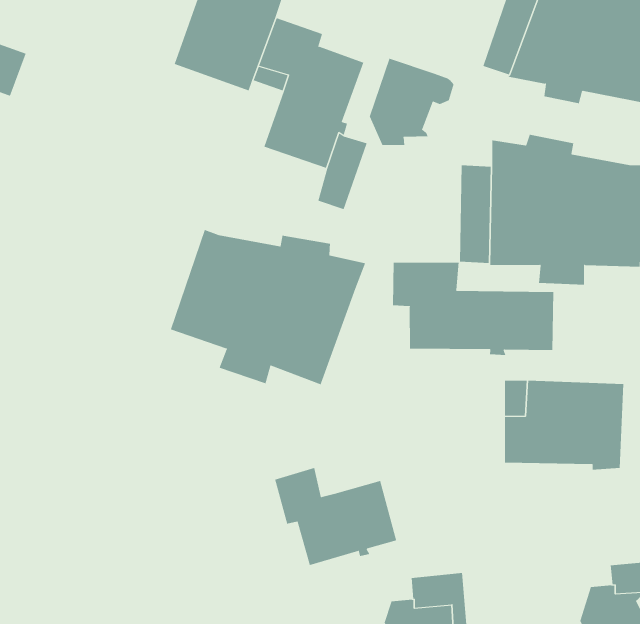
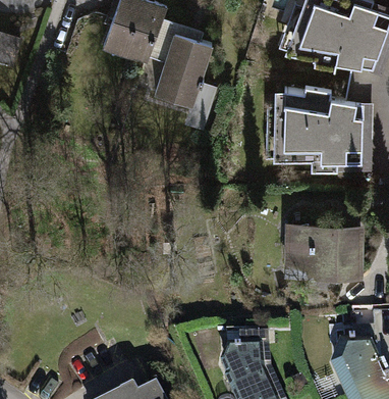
building: [369,58,454,146] -> none
building: [170,229,366,385] -> none
building: [393,262,554,356] -> none
building: [275,467,397,566] -> none

